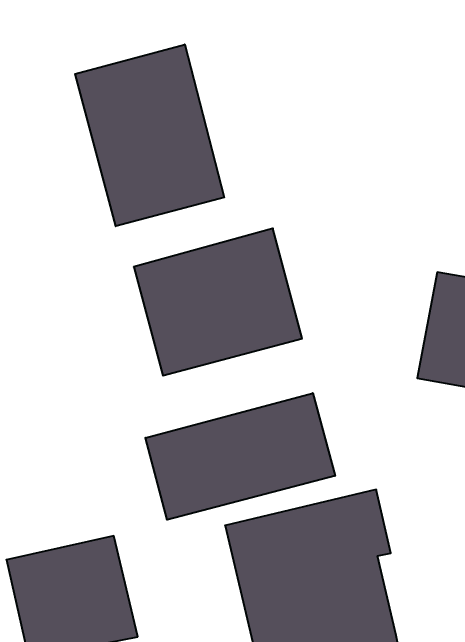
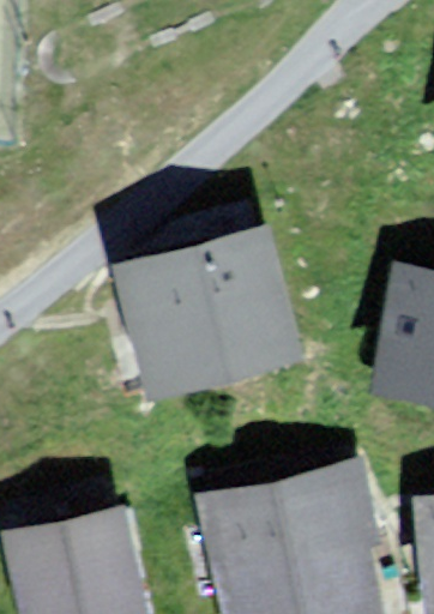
building: [75,44,224,226] -> none
building: [145,393,335,520] -> none

